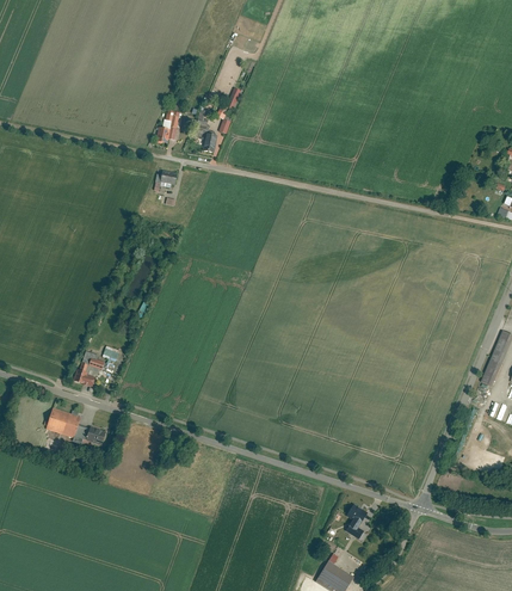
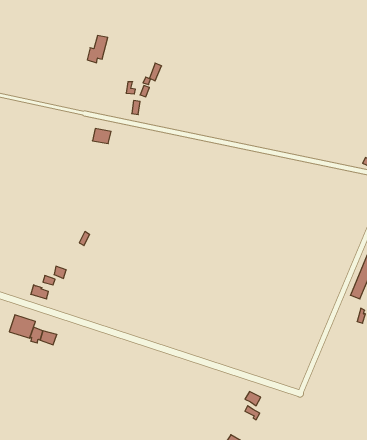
building: [154,110,180,144] -> [87,36,108,63]

